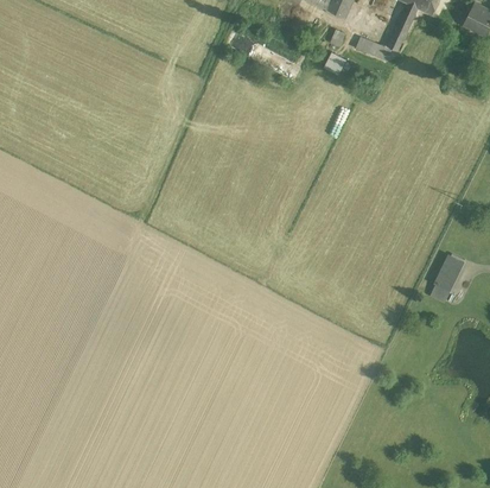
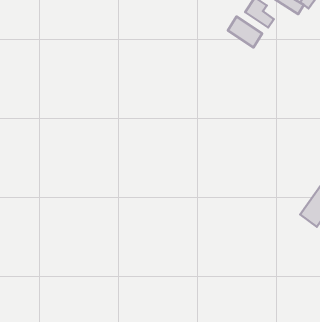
building: none -> [228,16,262,47]

